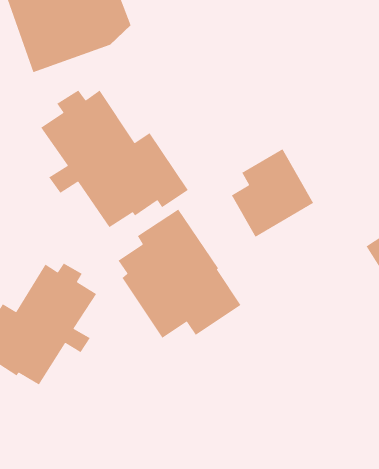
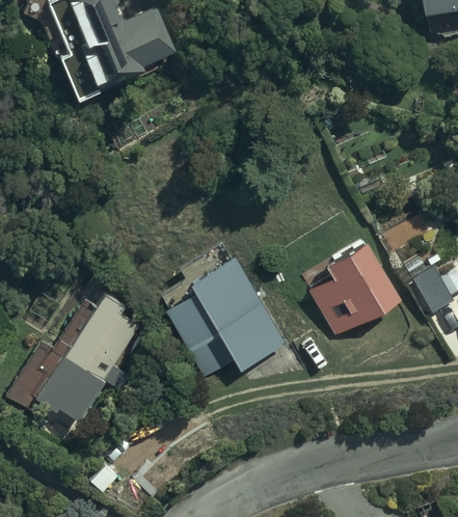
building: [40,90,189,228] -> none
building: [231,148,314,238] -> [312,242,397,333]

